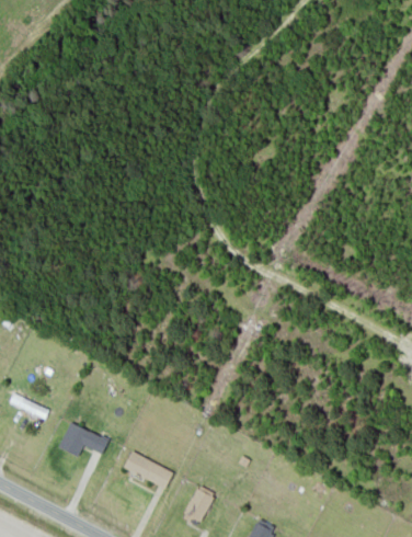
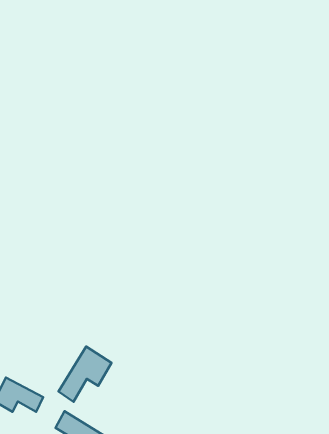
building: none -> [59,347,112,402]

